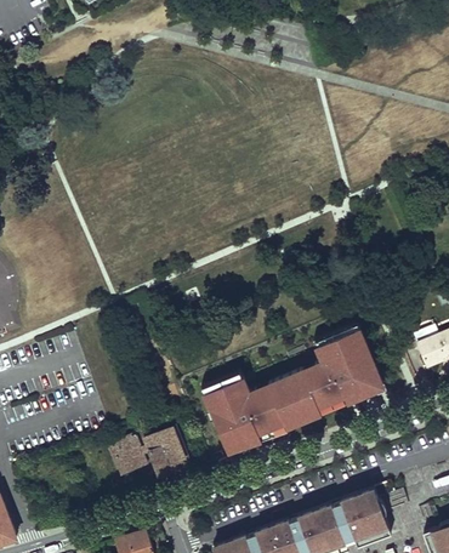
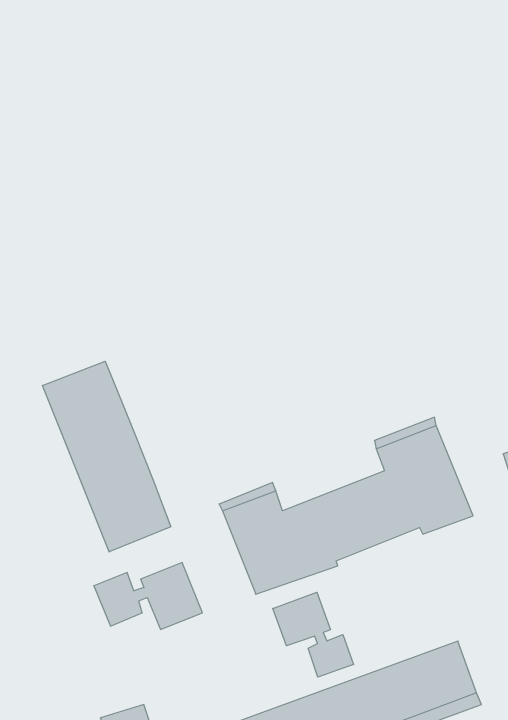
building: none -> [43,361,171,552]
building: none -> [273,592,354,677]

